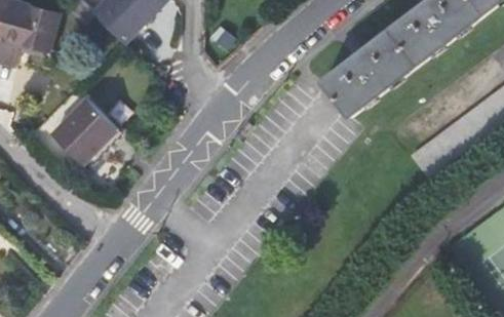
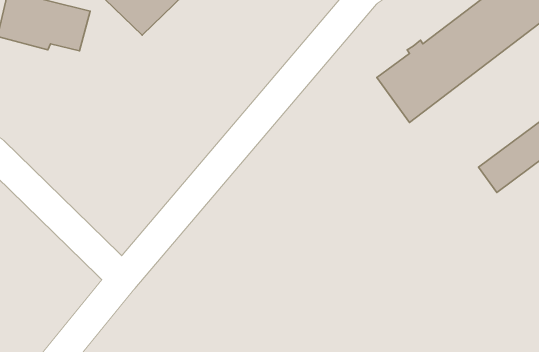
building: [52,97,116,163] -> none

